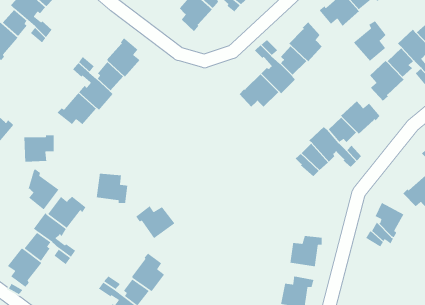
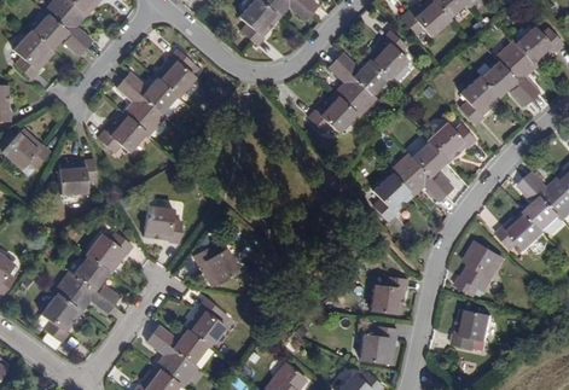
building: [353,20,387,62] -> none
building: [27,168,59,210] -> none
building: none -> [446,305,484,343]

